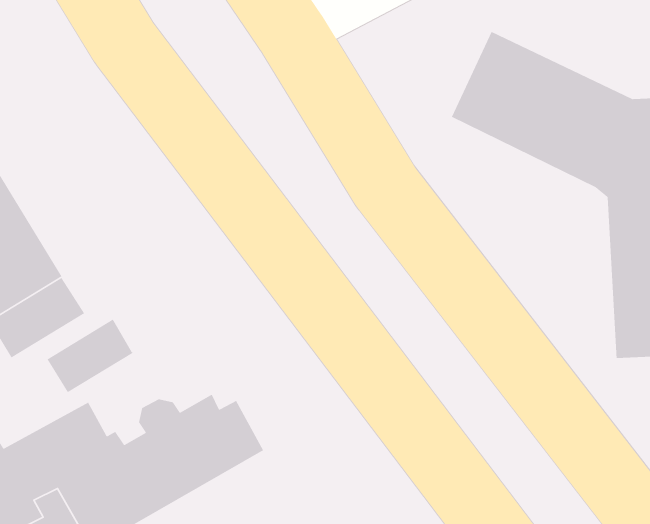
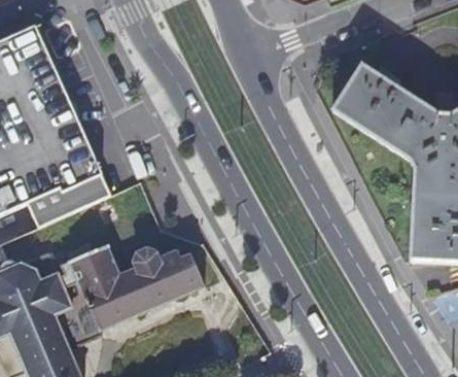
building: [47,318,134,393] -> none

